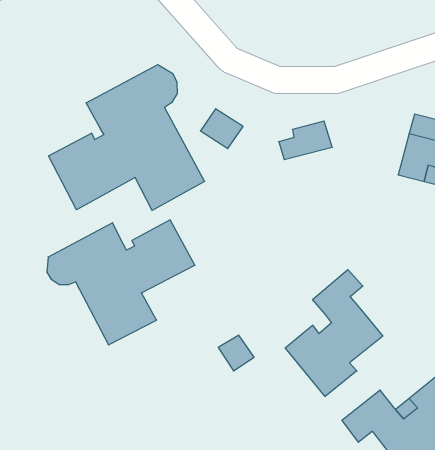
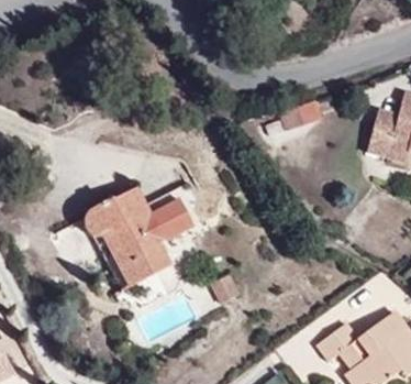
building: [49,65,205,210] -> none
building: [285,270,383,396] -> none

